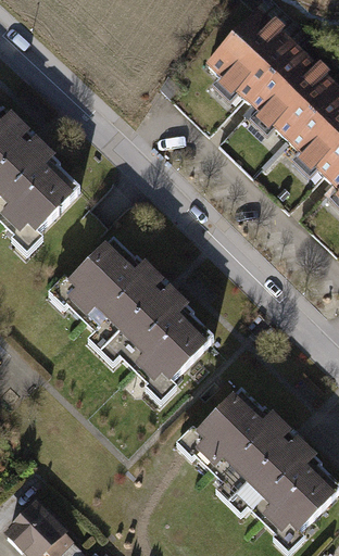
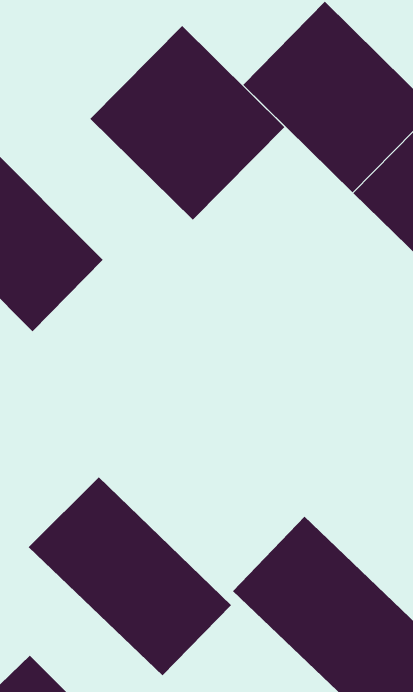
building: none -> [90,25,285,221]
building: [67,244,221,394] -> [28,476,232,676]

